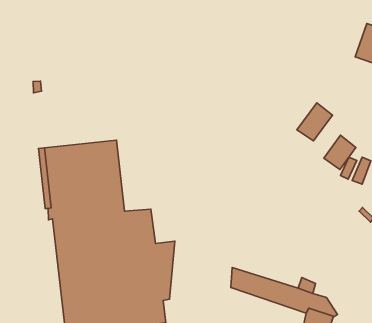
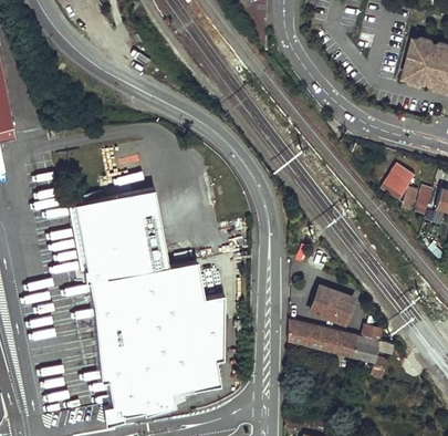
building: [297,103,333,141] -> none
building: none -> [311,287,353,325]

